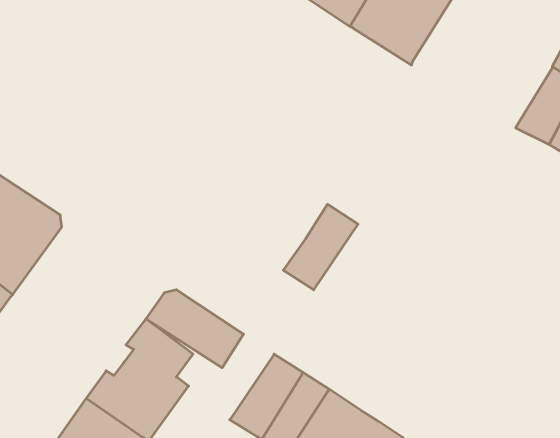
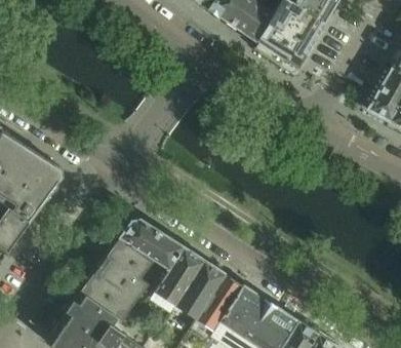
building: [283,204,358,290] -> [156,248,206,306]

